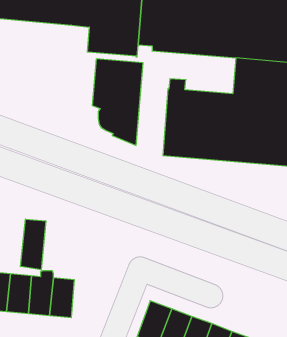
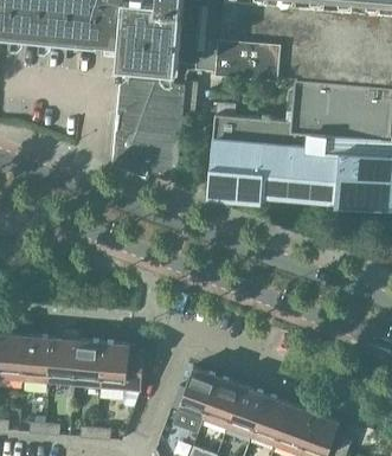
building: [21,219,46,270] -> none
building: none -> [98,345,143,392]

